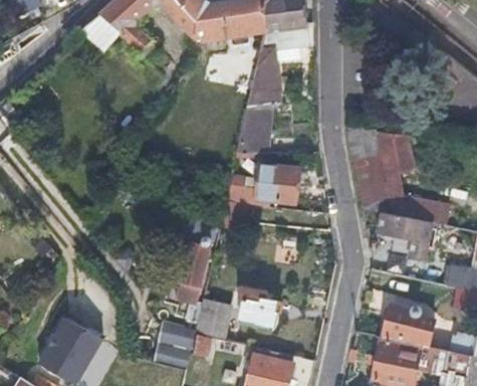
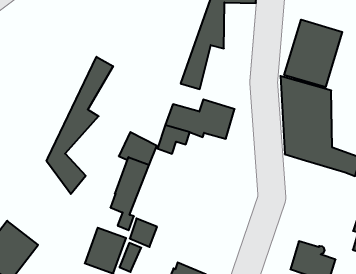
building: none -> [284,20,342,87]
building: none -> [47,57,113,194]
building: [379,215,432,259] -> none
building: [243,285,283,330] -> none

